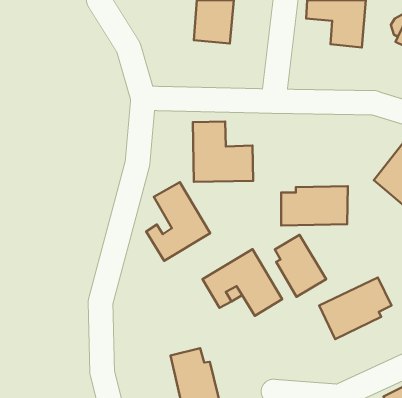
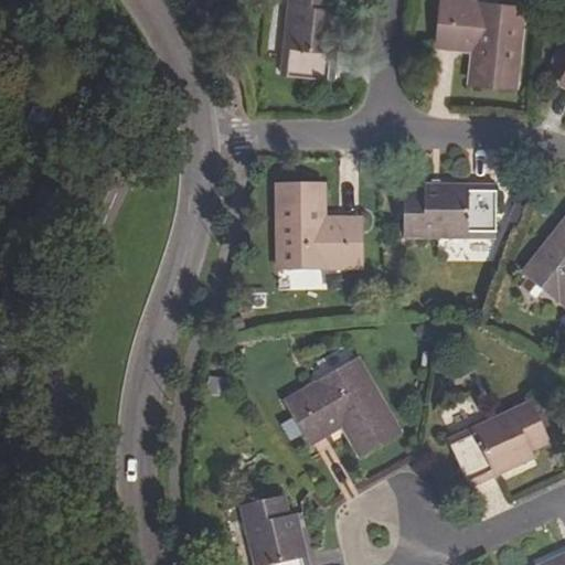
building: [146,182,210,261] -> none
building: [281,186,348,226] -> [403,180,494,234]
building: [275,235,326,297] -> none

